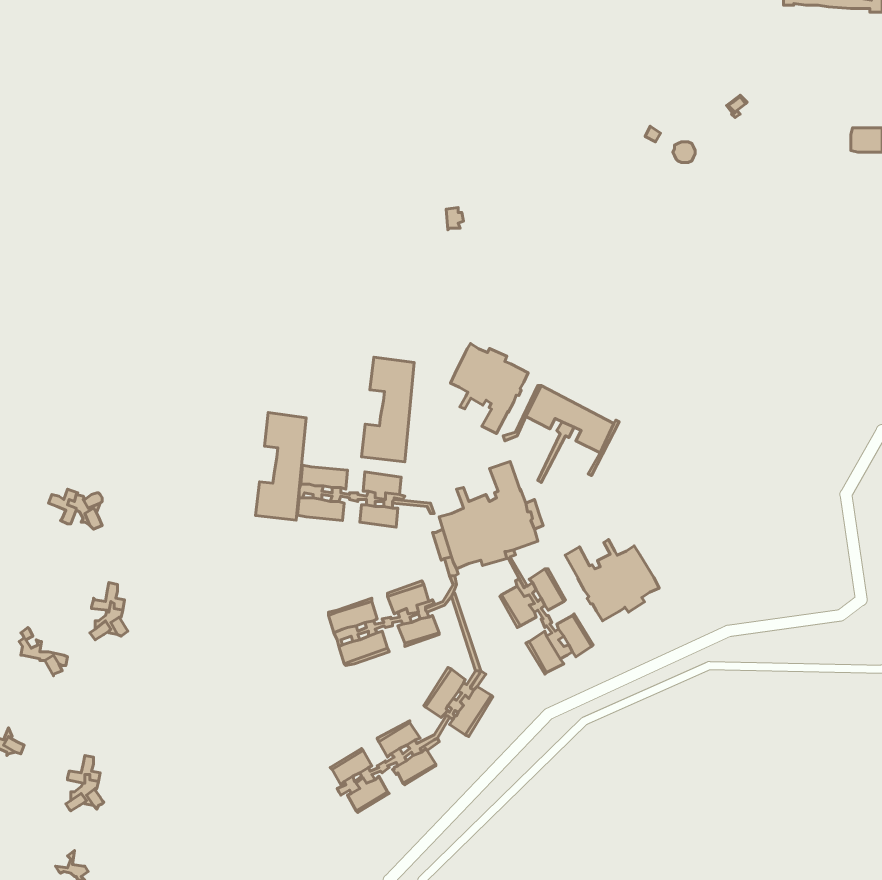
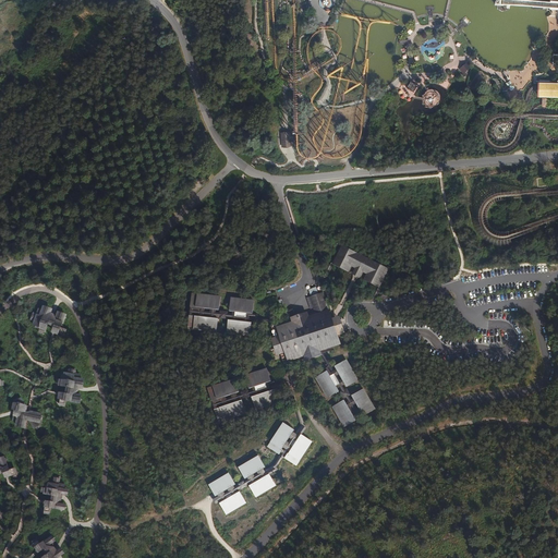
building: [451,343,528,434] -> none
building: [361,357,414,462] -> none
building: [256,412,306,520] -> none
building: [565,539,659,621] -> none

